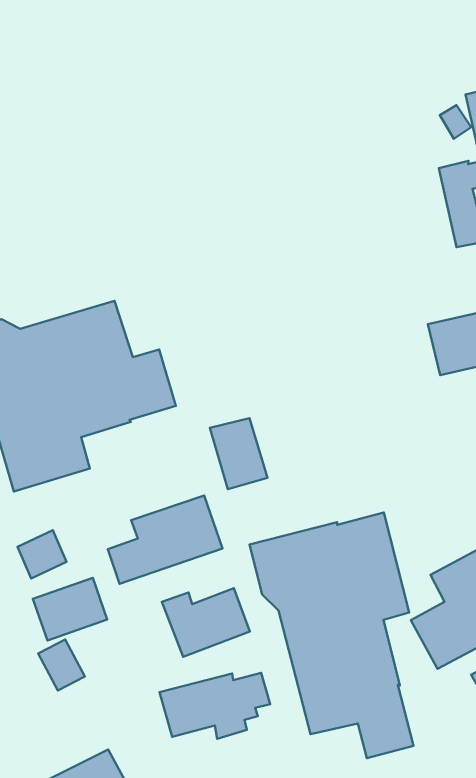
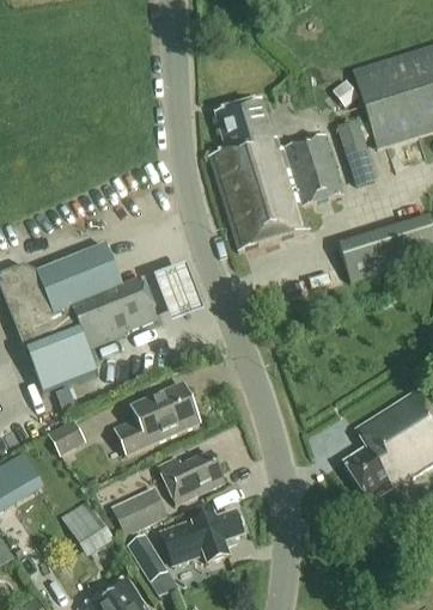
building: none -> [208,98,343,249]
building: [210,418,267,489] -> [154,258,200,312]
building: [249,512,413,758] -> none
building: [33,578,107,641] -> [111,486,167,535]
building: none -> [127,532,167,580]

